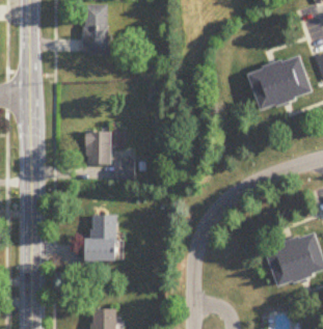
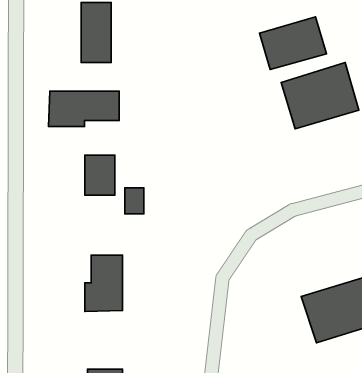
building: none -> [260,17,327,70]
building: none -> [48,91,119,127]

